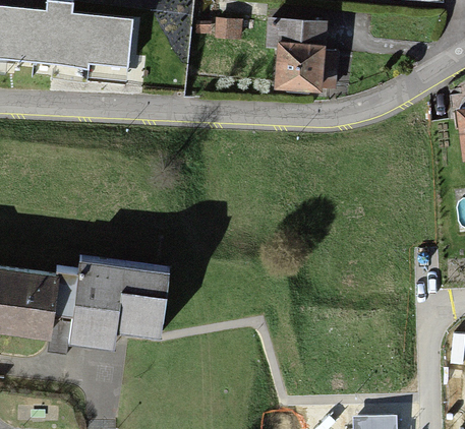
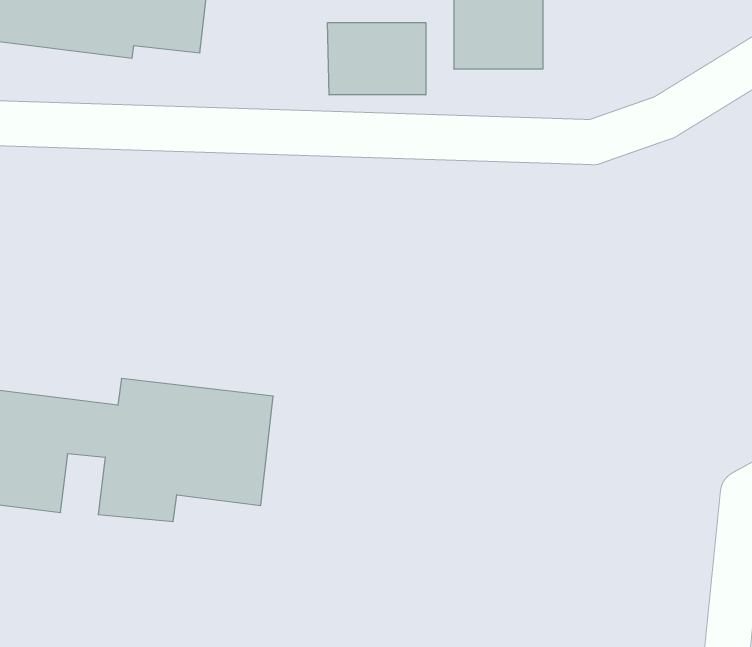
building: none -> [328,23,426,95]

